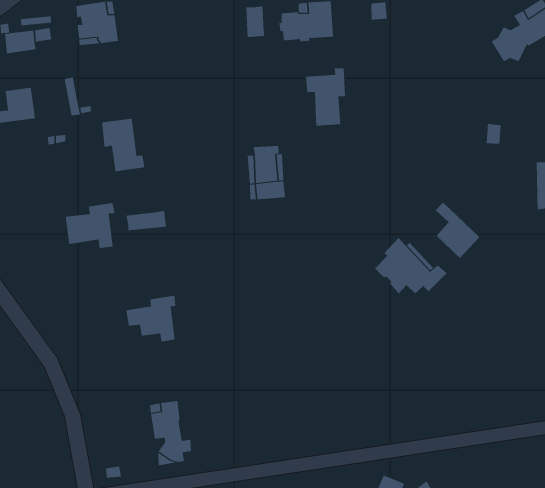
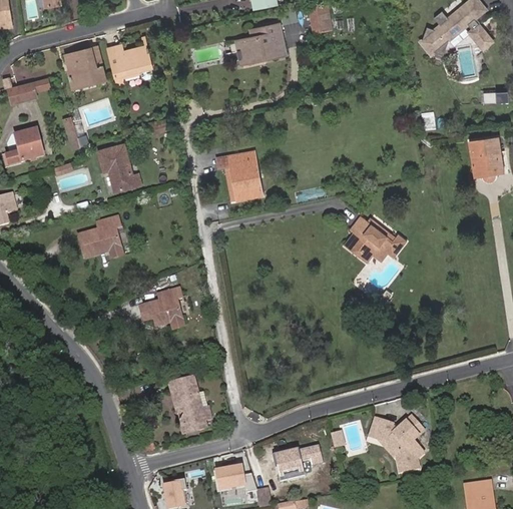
building: [246,6,265,38] -> none
building: none -> [107,46,151,86]
building: [305,67,346,126] -> none
building: [435,202,480,259] -> none
building: [126,210,167,231] -> none

